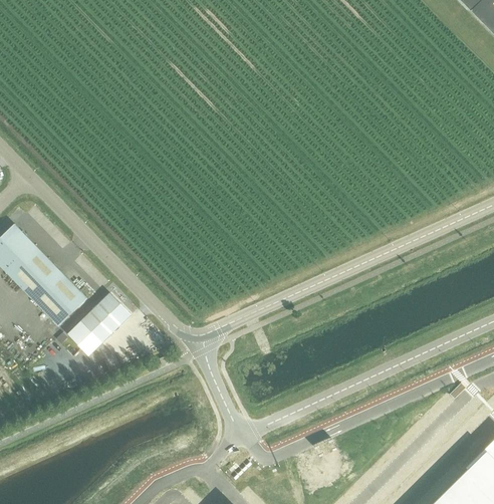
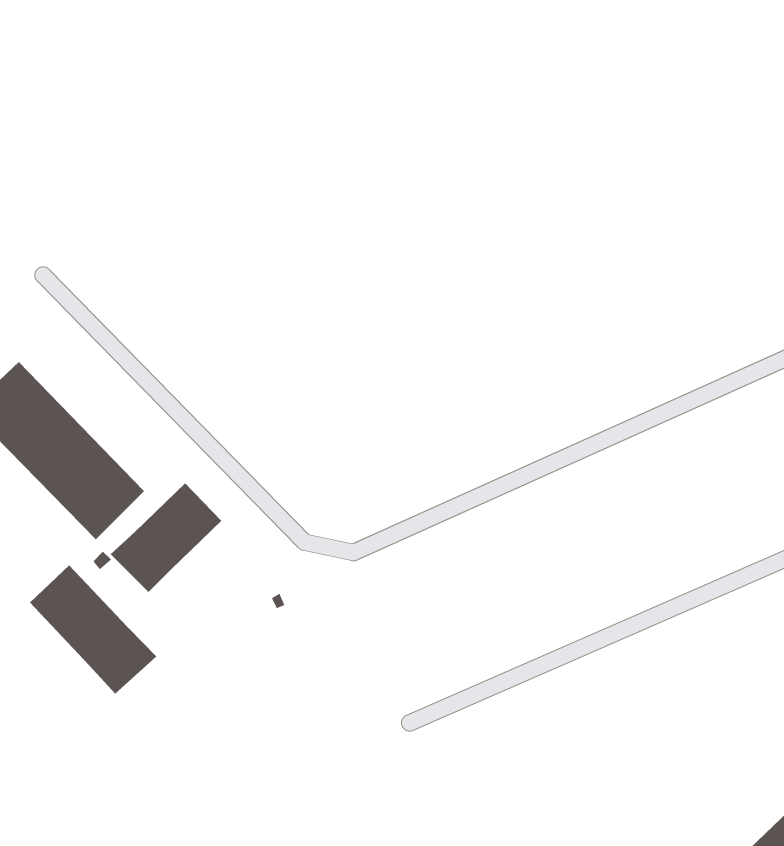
building: none -> [29,564,157,695]

